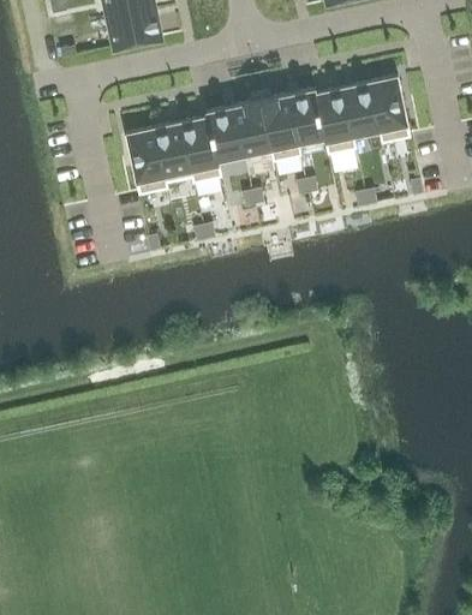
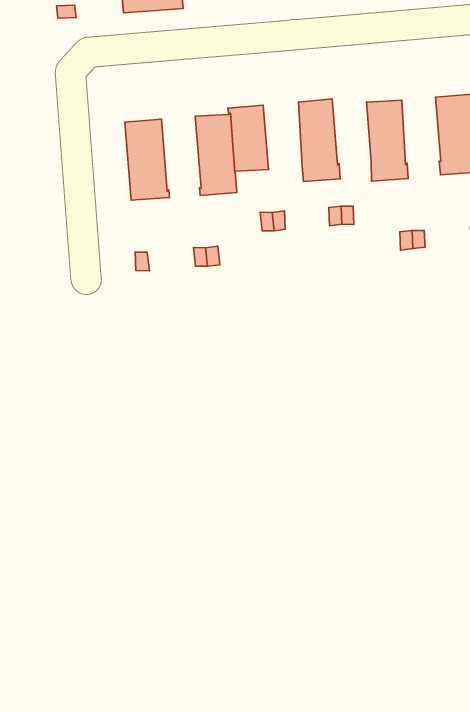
building: [342,82,380,138] -> none
building: [287,89,324,145] -> none
building: [233,100,270,156] -> none
building: [154,121,192,184] -> none

